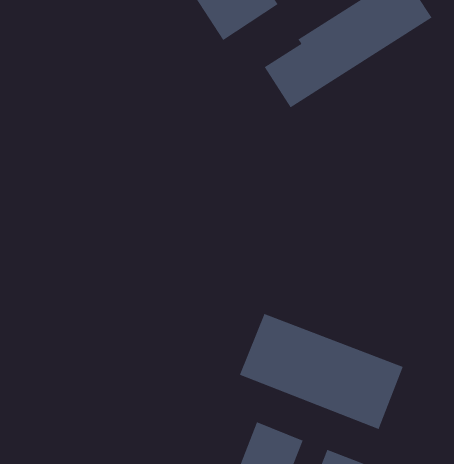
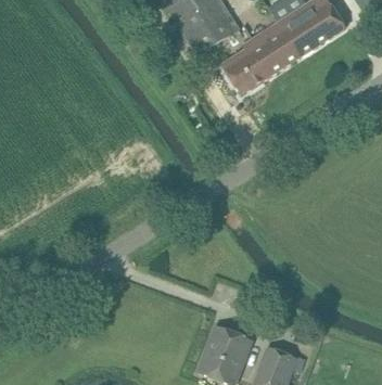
building: [239,313,403,430] -> none

